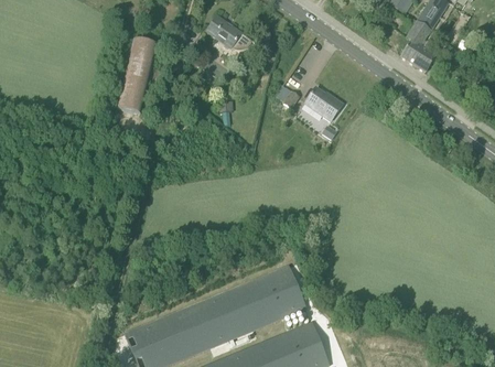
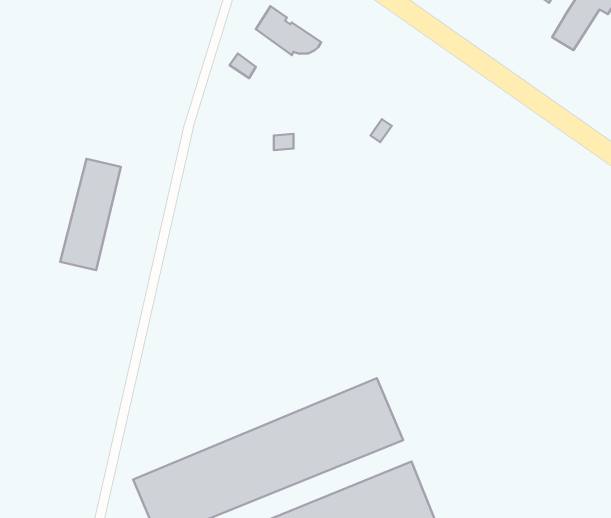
building: [117,39,158,114] -> [60,159,121,270]
building: [401,40,437,72] -> none
building: [305,87,343,122] -> none

